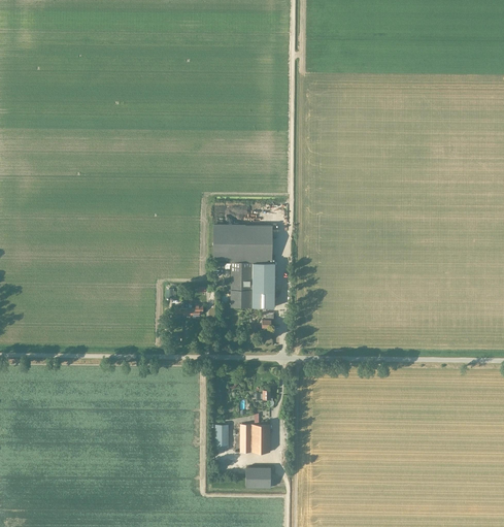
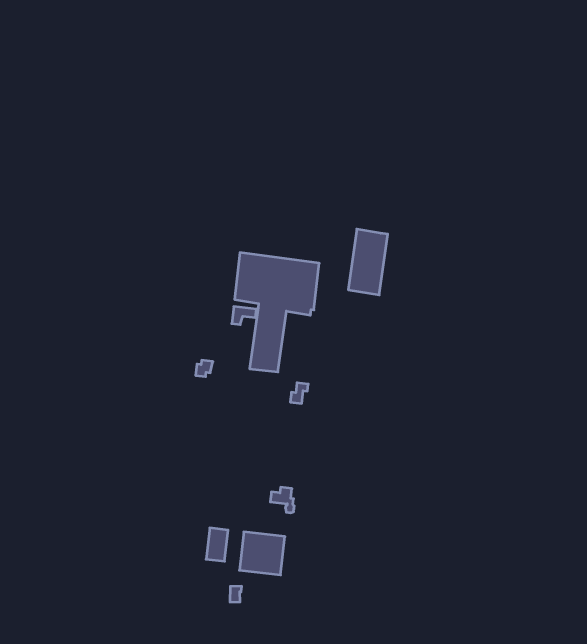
building: [251,263,275,308] -> [348,229,388,295]
building: [246,467,274,488] -> none

